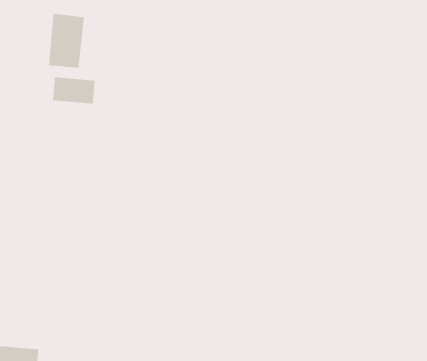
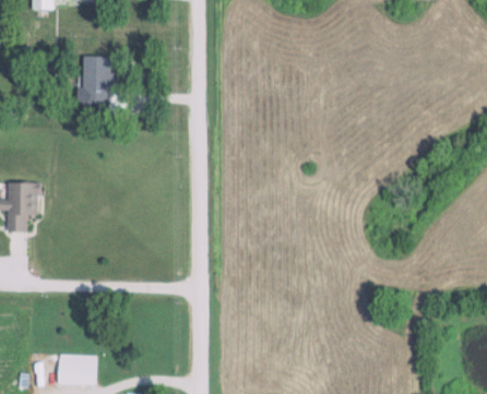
building: [52,76,95,104] -> none

